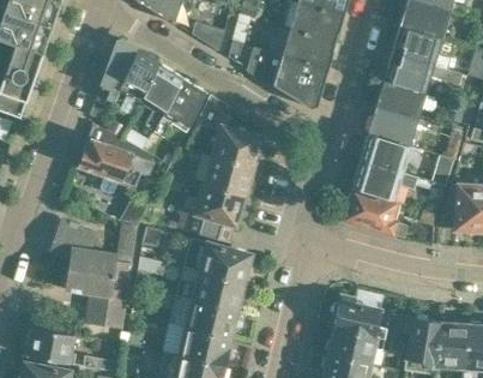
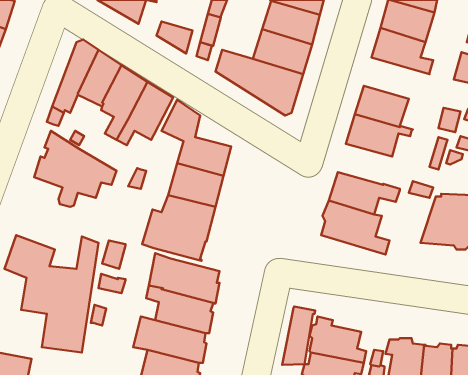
building: [384,54,461,92] -> none
building: [360,134,410,173] -> none
building: none -> [282,306,315,365]

